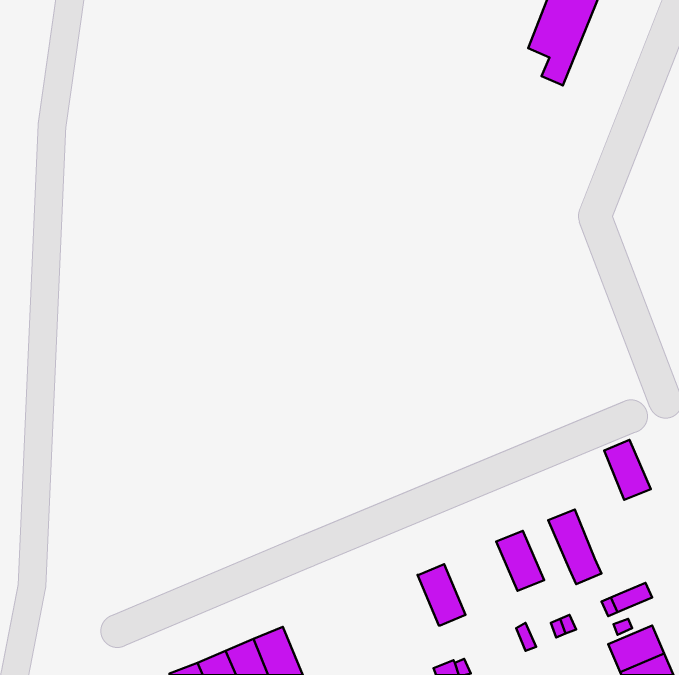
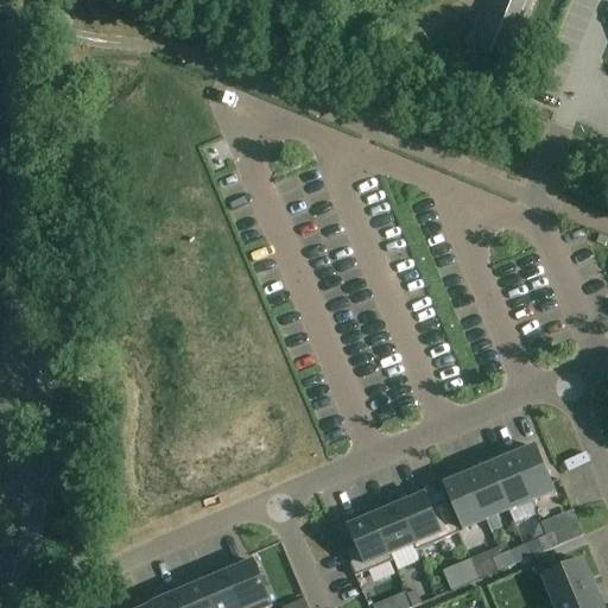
building: [604,440,651,500] -> [512,444,553,498]
building: none -> [466,463,507,517]
building: none -> [395,490,457,547]
building: none -> [342,512,391,572]

